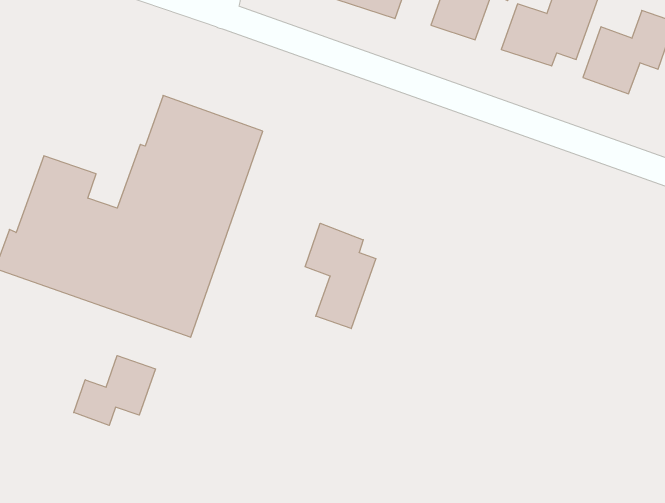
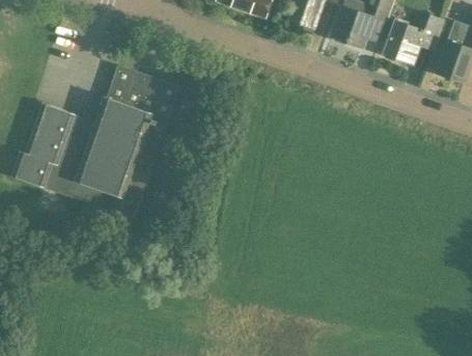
building: [305,223,376,329] -> none
building: [74,356,155,425] -> none

